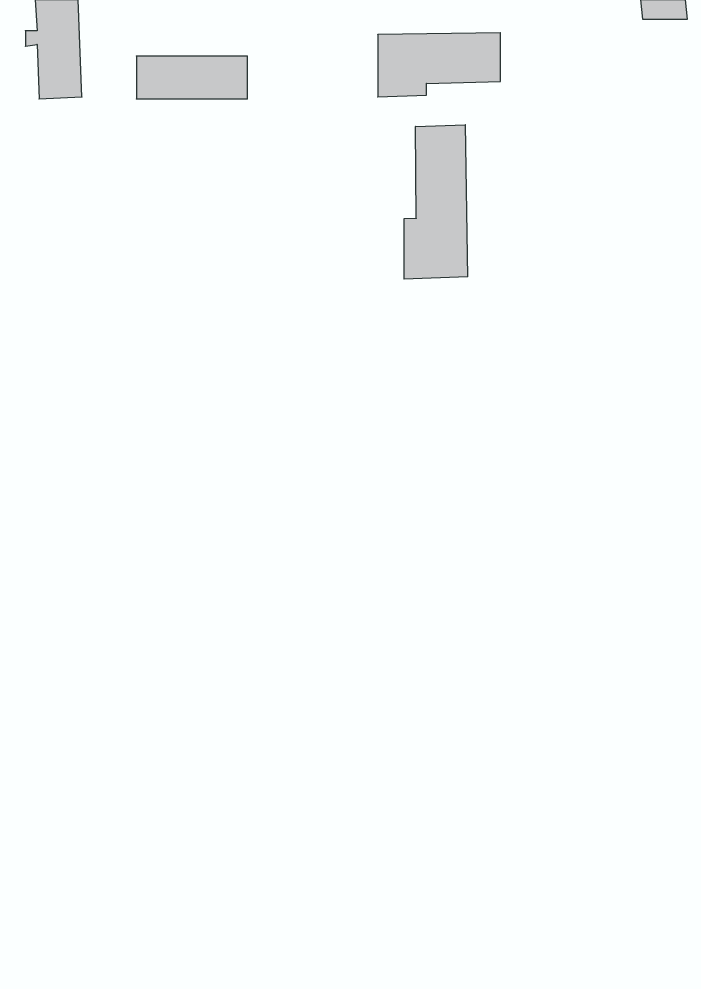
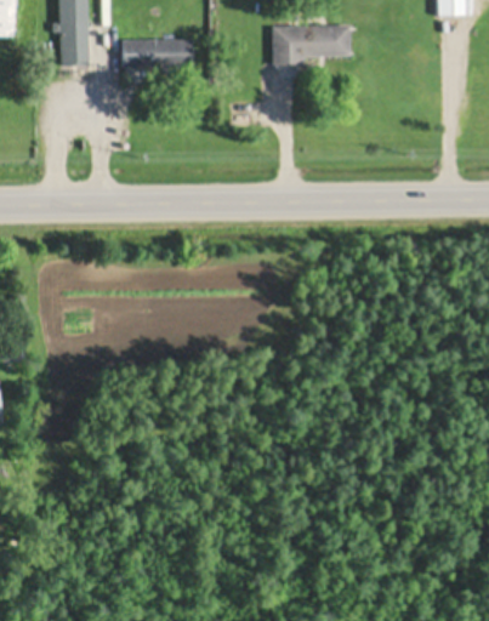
building: [404,125,468,279] -> none

